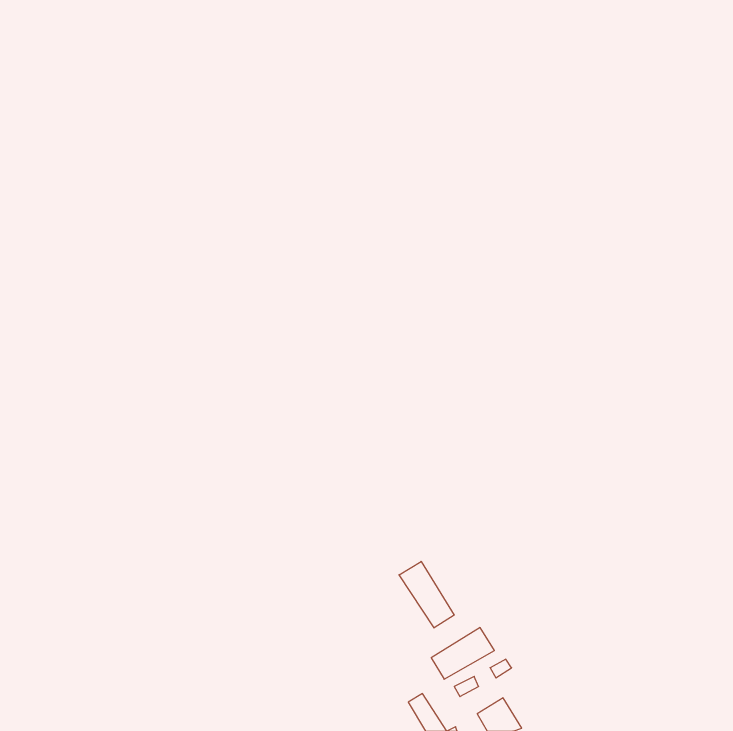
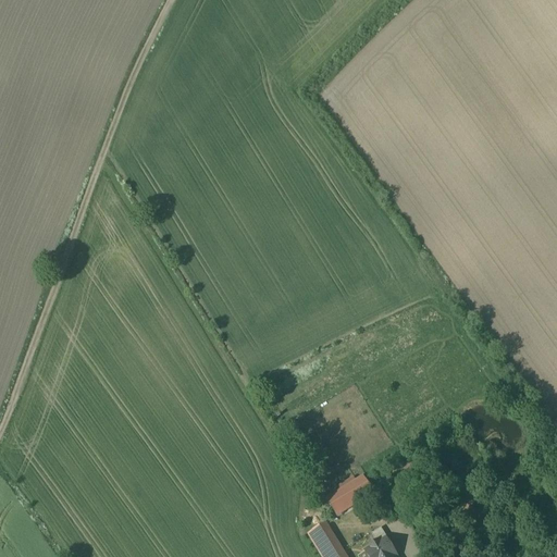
building: [399,561,454,628] -> none

